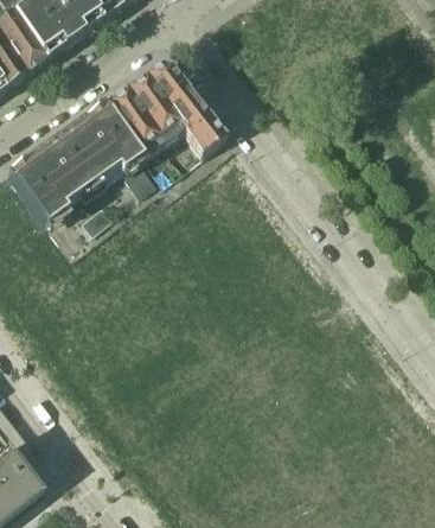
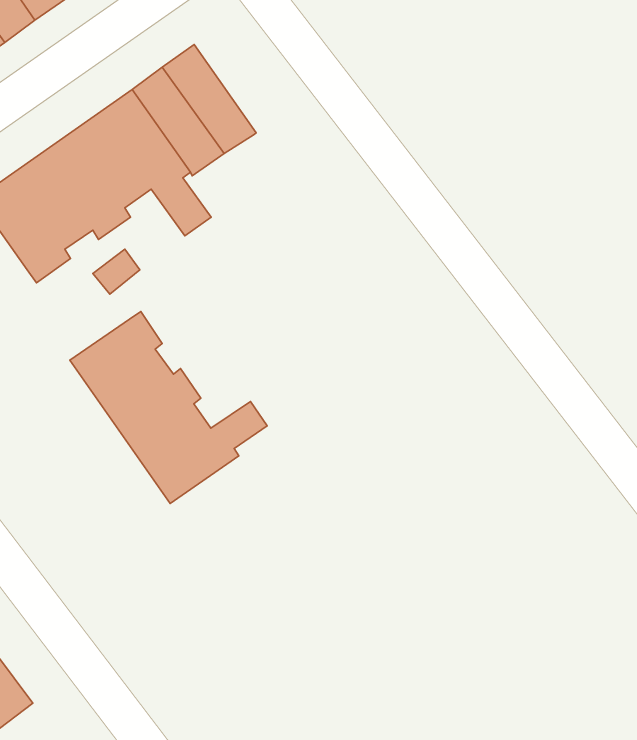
building: [145,64,224,157] -> none
building: none -> [70,312,267,503]

